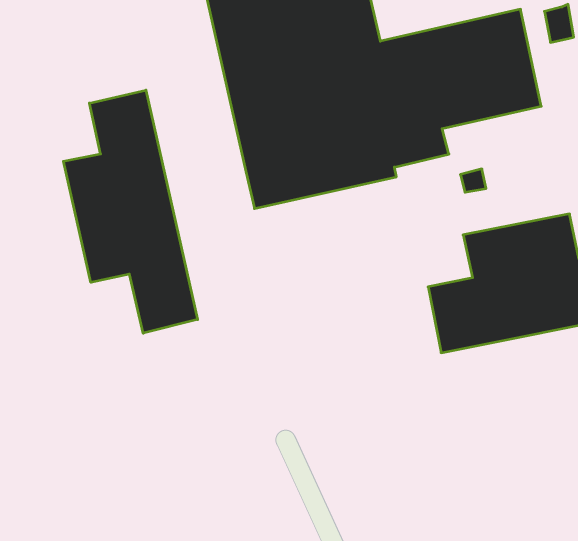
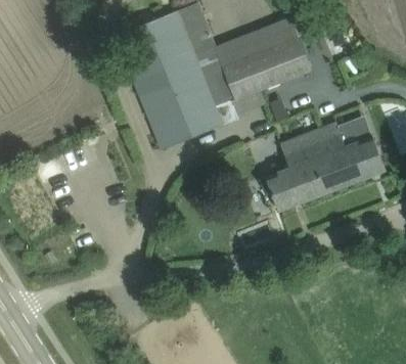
building: [63,90,198,333] -> none

